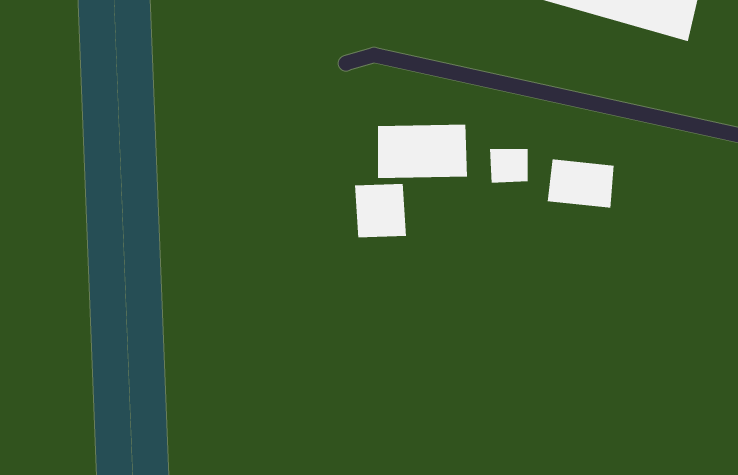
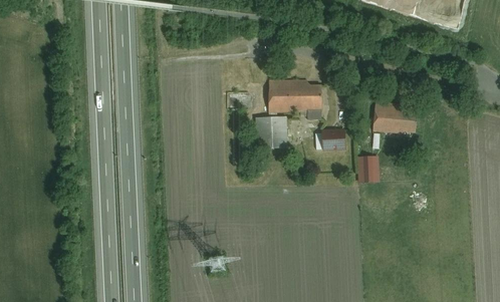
building: [489,148,529,183] -> [320,128,344,149]
building: none -> [358,162,374,187]

